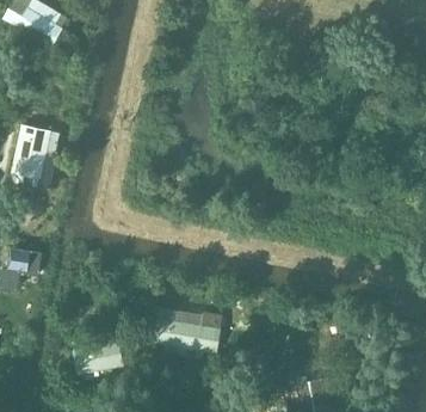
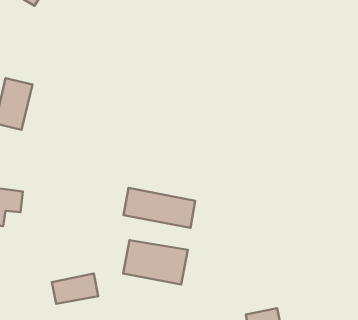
building: none -> [123,188,195,228]

